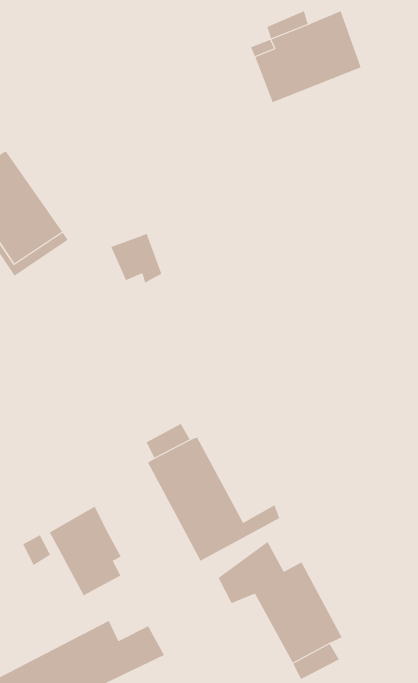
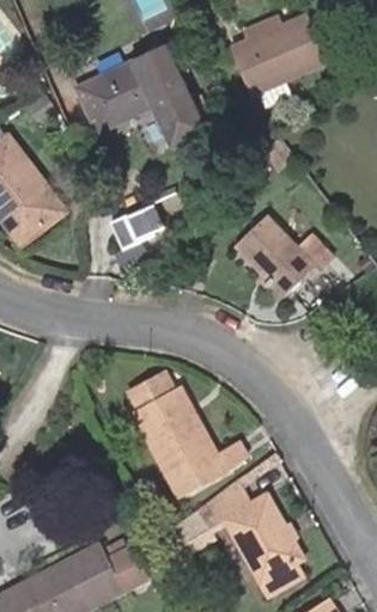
building: none -> [80,50,201,145]
building: none -> [233,221,316,308]
building: [49,506,121,596] -> none

